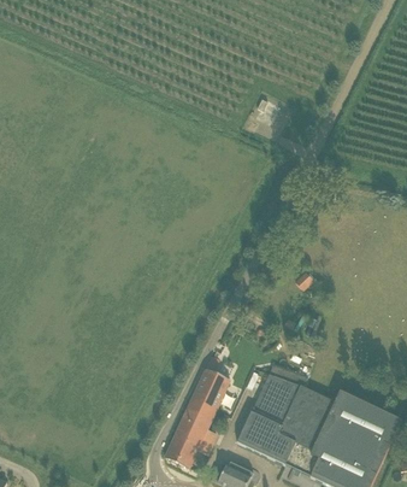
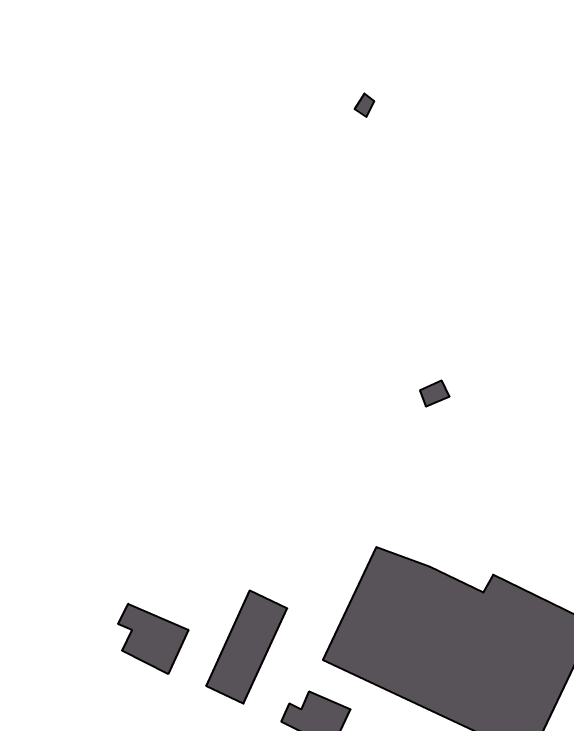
building: [191,368,229,409] -> none
building: none -> [118,604,188,674]

